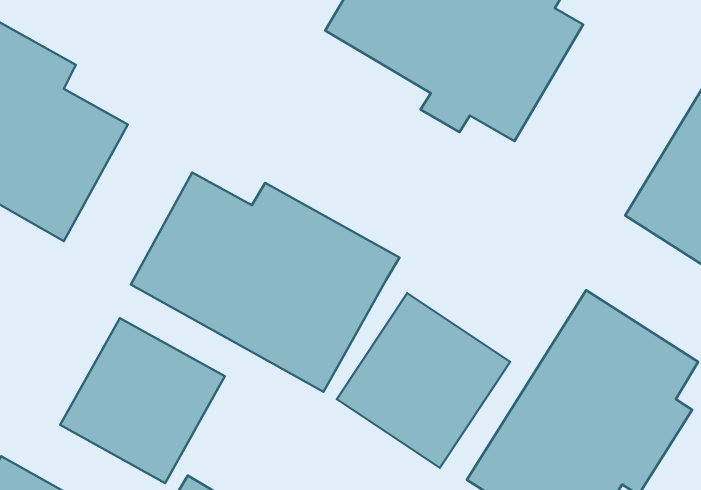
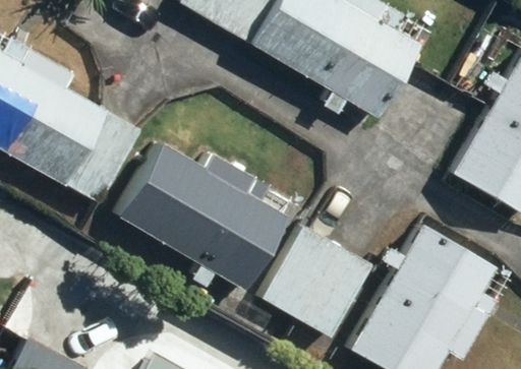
building: [60,318,225,483] -> none

